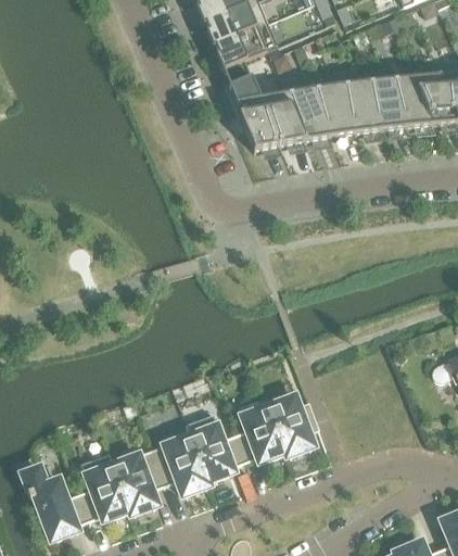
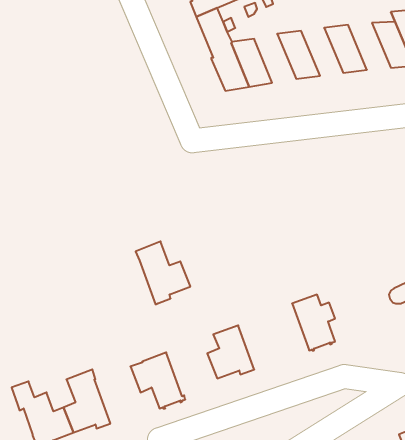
building: [387,74,434,125] -> none
building: [336,79,382,131] -> none
building: [285,86,331,139] -> none
building: [268,393,315,454] -> [292,295,335,350]
building: [186,412,245,480] -> [136,241,190,304]
building: [112,447,162,513] -> none

